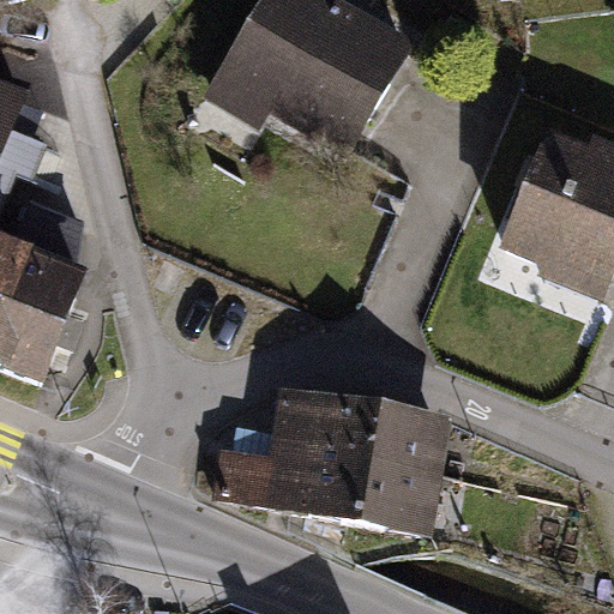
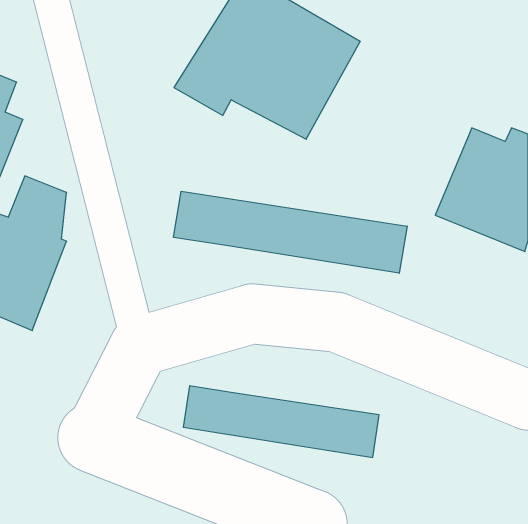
building: none -> [174,191,407,273]
building: [271,389,447,478] -> none

